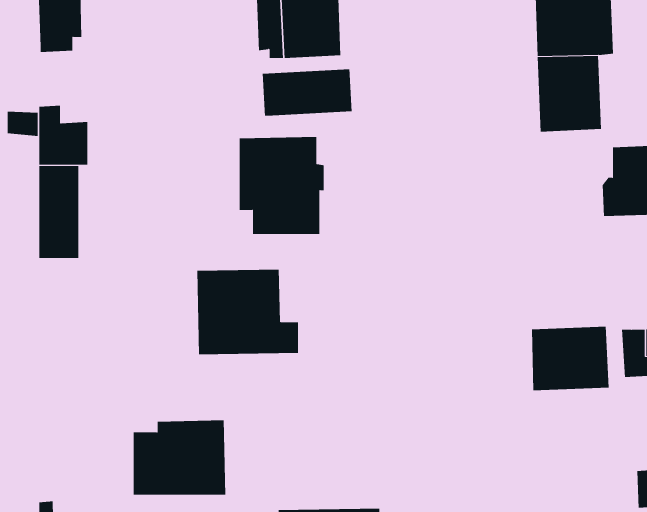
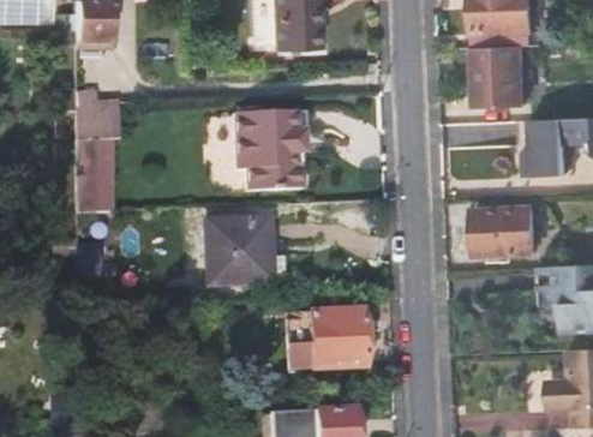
building: [262,69,352,116] -> none
building: [531,326,609,391] -> [475,204,538,256]
building: [133,420,226,495] -> [287,310,361,370]

